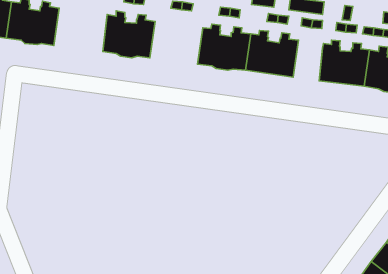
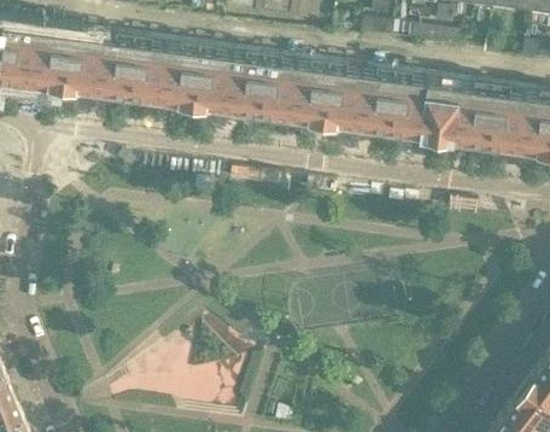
building: none -> [90,40,163,104]
building: none -> [221,57,293,121]
building: none -> [416,83,456,144]

